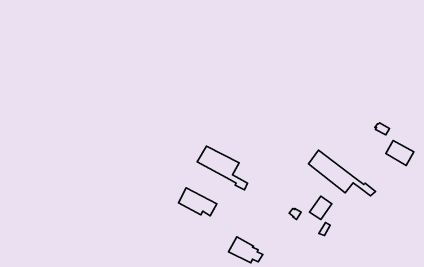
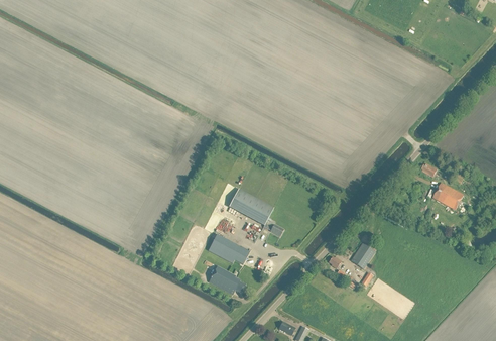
building: [308,150,375,196] -> none
building: [228,237,263,263] -> [208,265,245,294]

